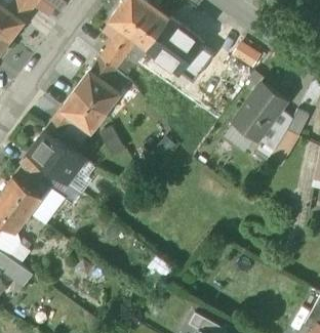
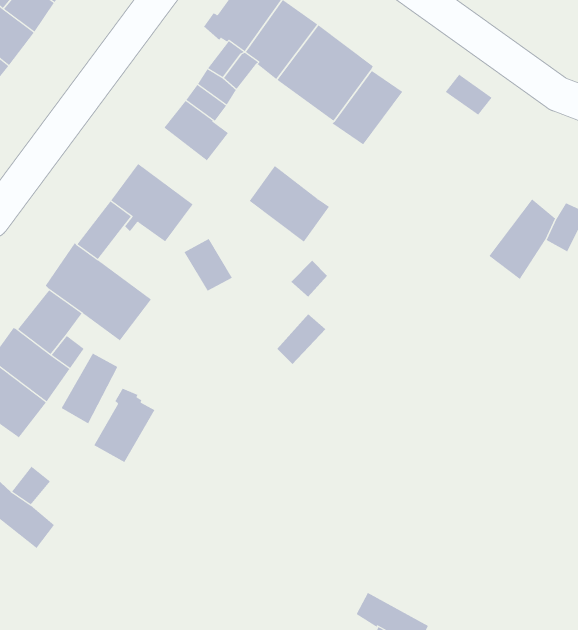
building: [76,72,118,112] -> [249,165,330,242]
building: [234,83,286,138] -> none
building: none -> [94,388,155,463]

